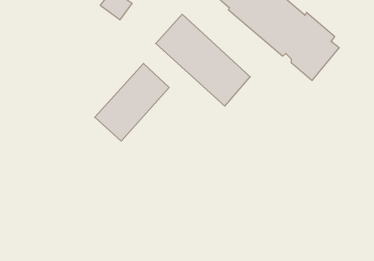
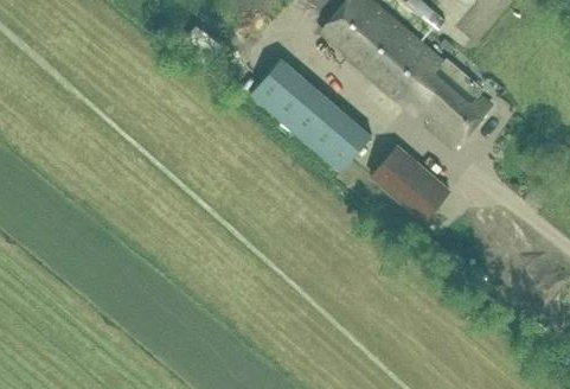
building: [95,63,169,141] -> none
building: none -> [370,144,453,225]

